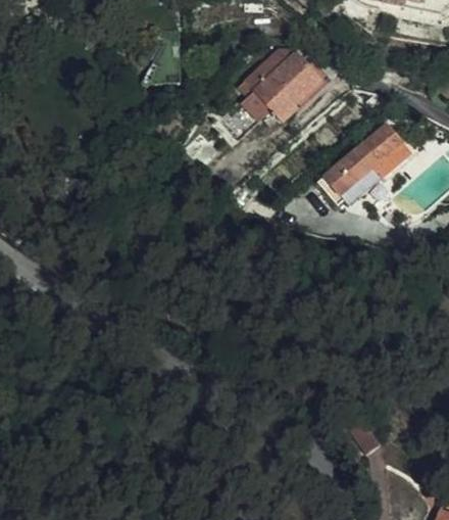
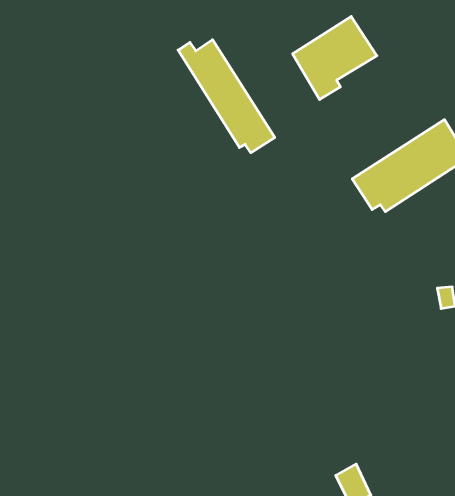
building: none -> [178,40,275,153]

